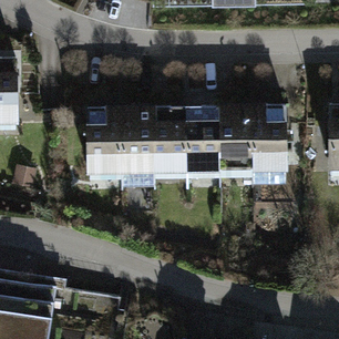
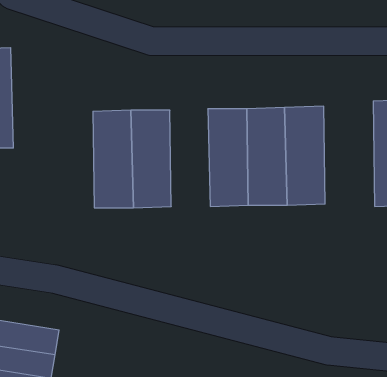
building: [152,99,186,182] -> none

